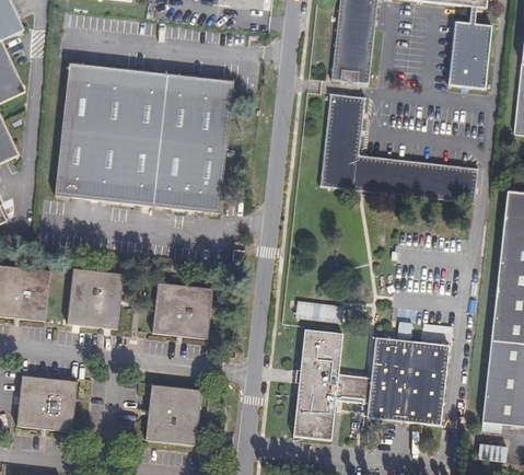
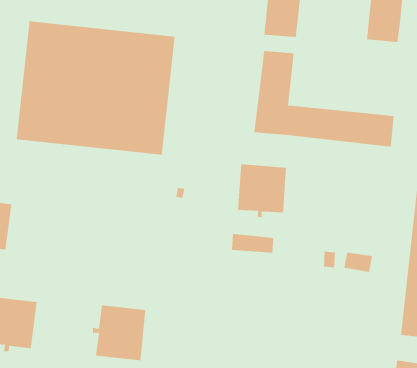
building: none -> [237,164,287,218]
building: [68,266,130,328] -> none
building: [153,280,216,343] -> none
building: [291,331,449,441] -> none

